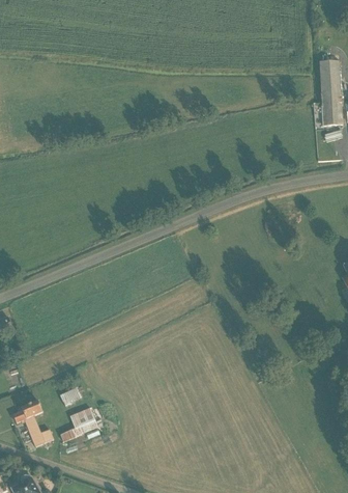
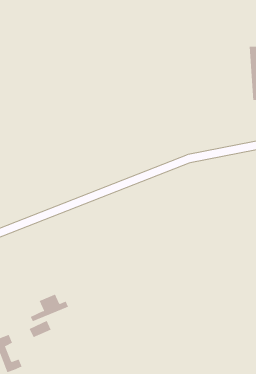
building: [59,407,105,440] -> [30,294,69,322]

